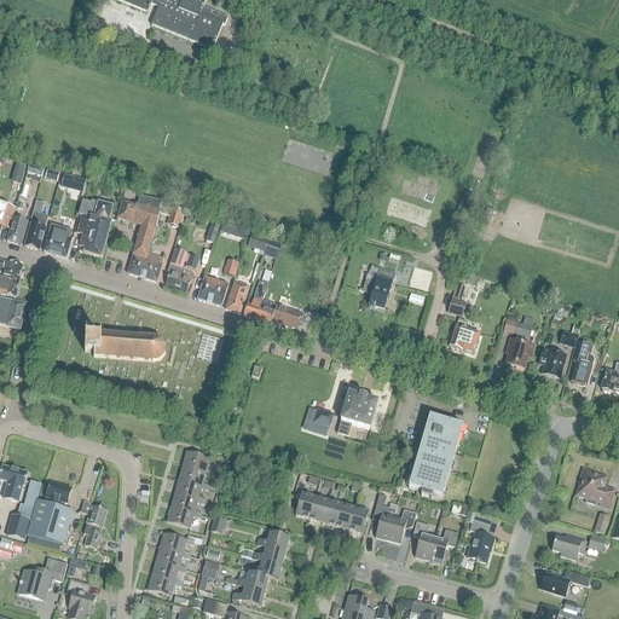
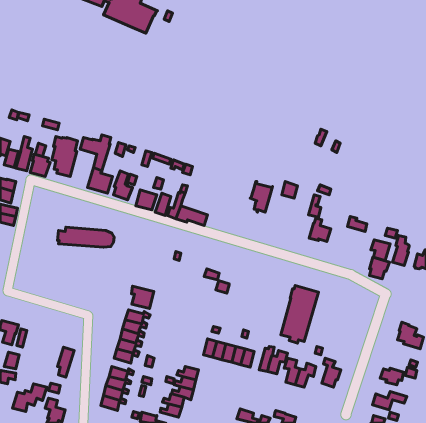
building: [505,336,534,368] -> [370,257,390,279]
building: [336,392,377,434] -> none
building: none -> [132,286,154,308]
building: [25,481,73,551] -> none

